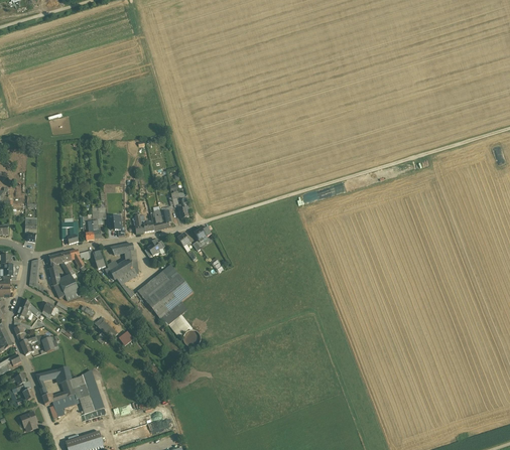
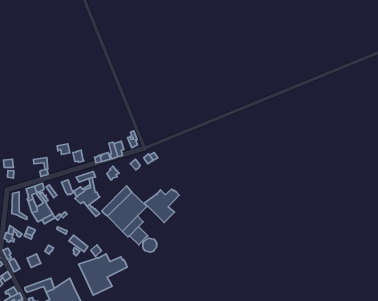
building: none -> [144,189,179,223]
building: none -> [78,254,127,295]

